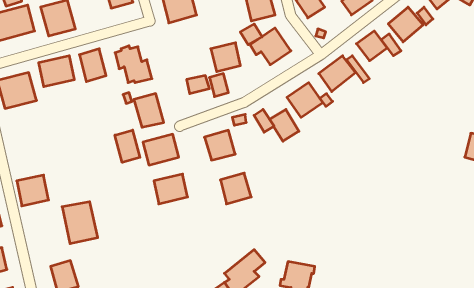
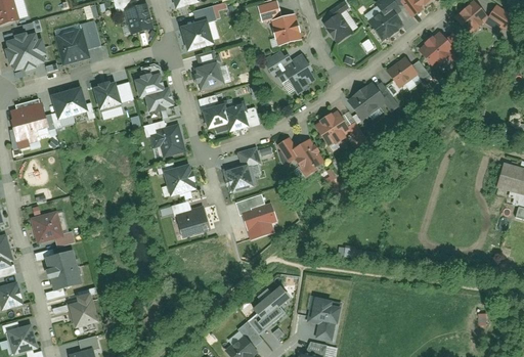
building: [211,43,240,72] -> [195,59,226,89]
building: [115,130,140,162] -> none
building: [62,202,98,244] -> [44,247,81,289]

